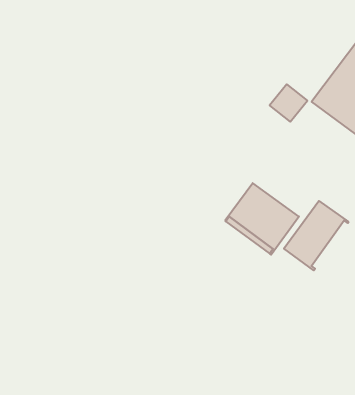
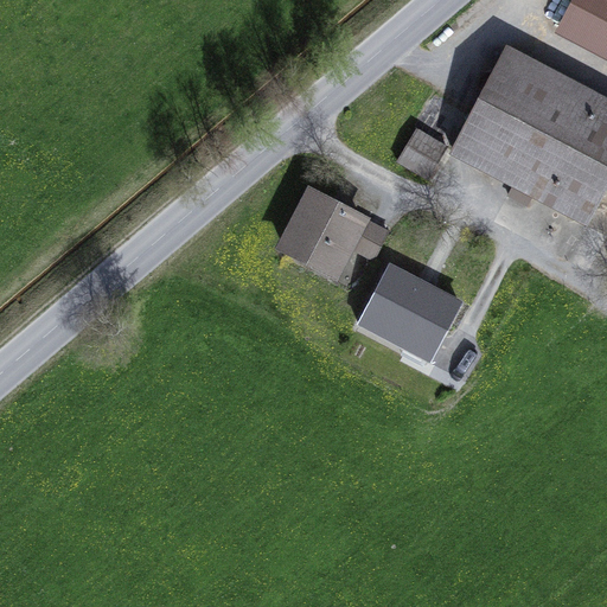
building: none -> [283,192,388,271]
building: [284,201,348,270] -> none

